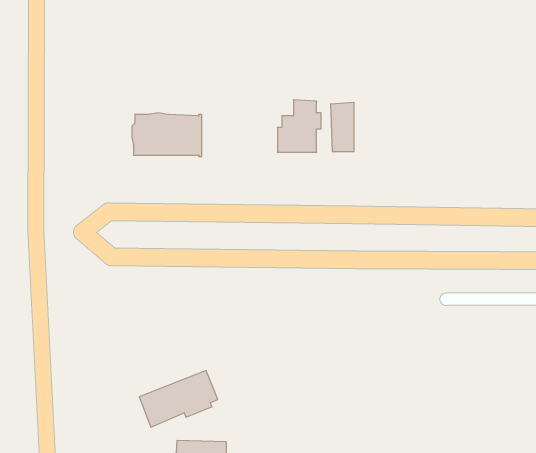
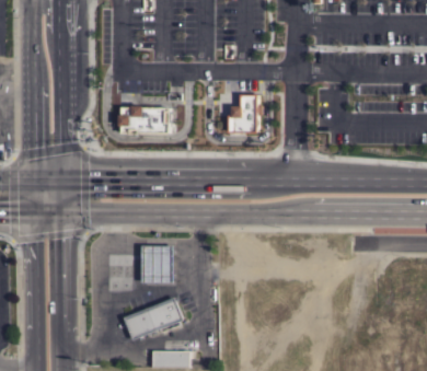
building: [331,102,354,152] -> none
building: none -> [143,245,175,282]

